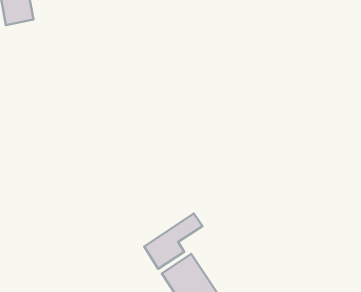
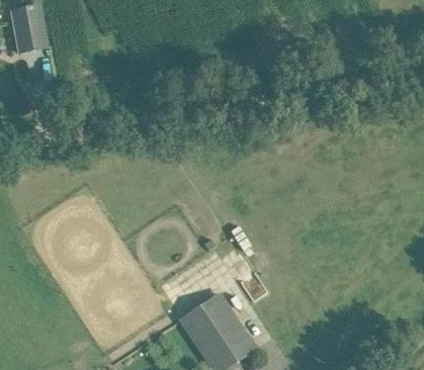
building: [144,213,202,269] -> none

